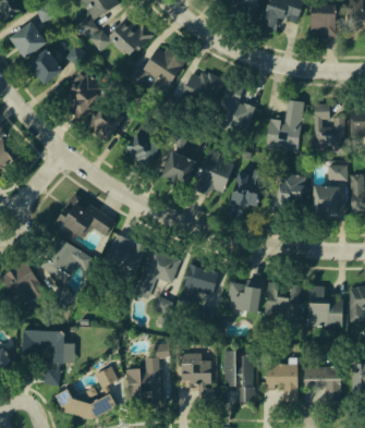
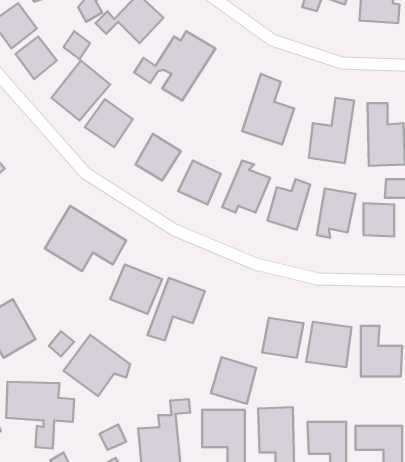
building: [183,70,228,107] -> none
building: [36,234,90,284] -> [63,335,130,396]
building: [184,260,221,298] -> [211,357,256,404]

